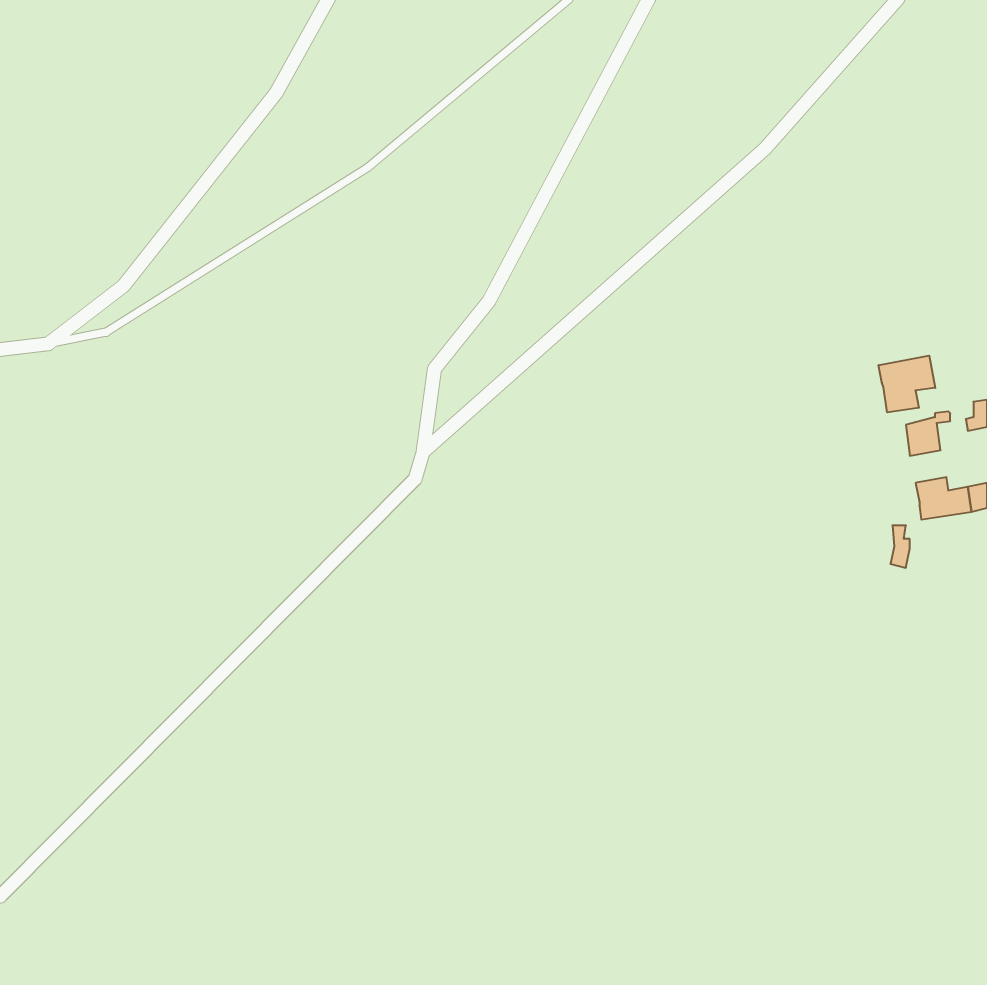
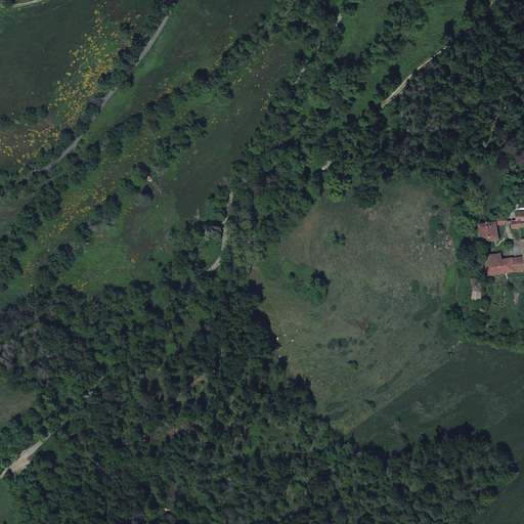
building: [879,356,935,412] -> none

